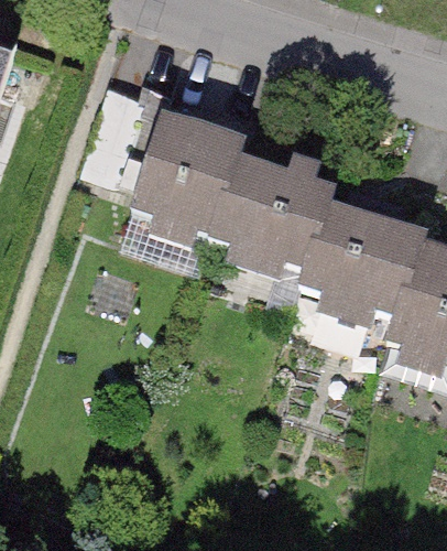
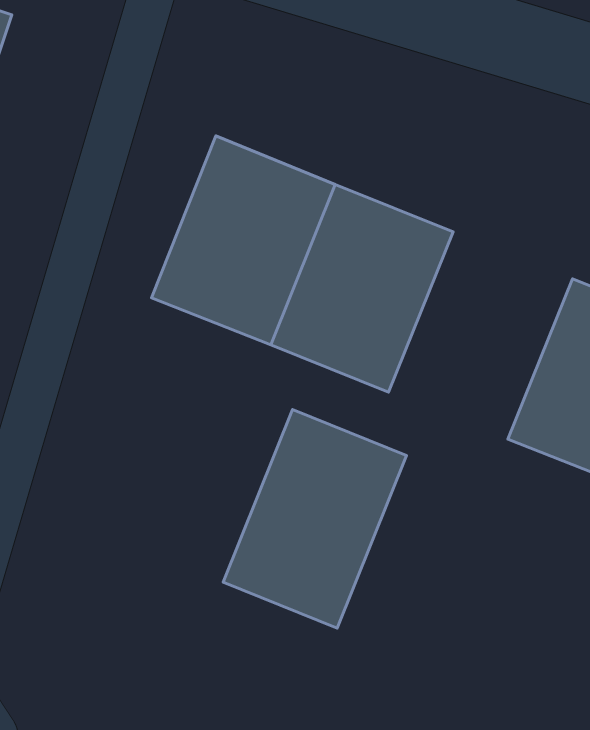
building: [282,193,411,338] -> none
building: none -> [223,410,406,628]

